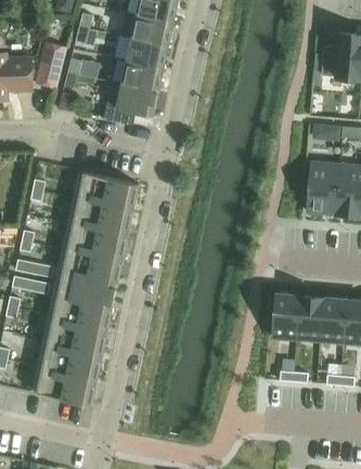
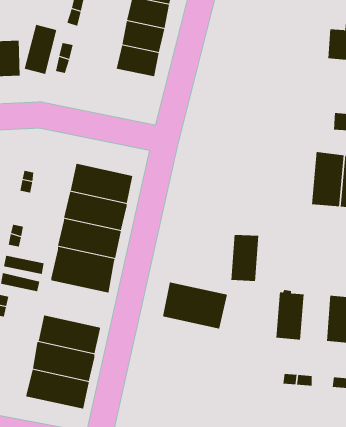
building: [103,82,158,126] -> none
building: [53,284,115,328] -> [162,282,228,329]
building: [296,297,323,341] -> [231,234,259,281]

